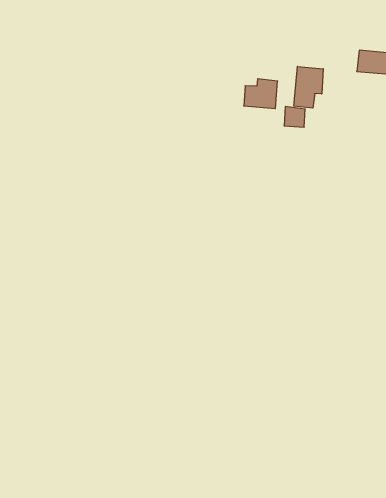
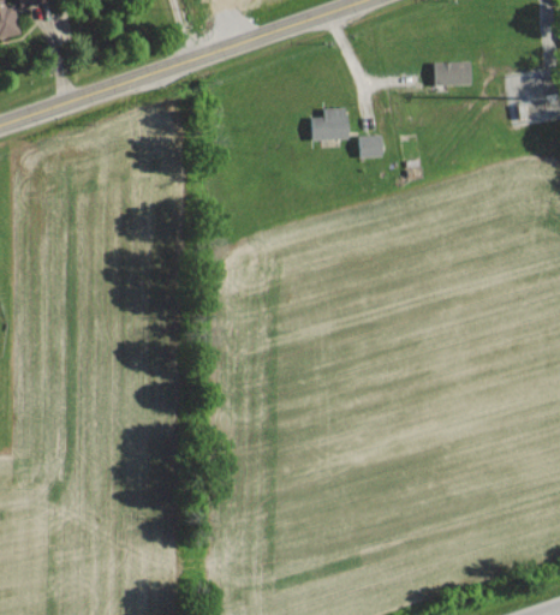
building: [294,66,323,108] -> none

